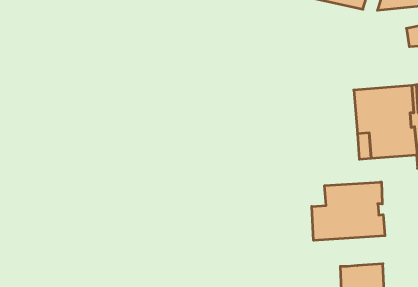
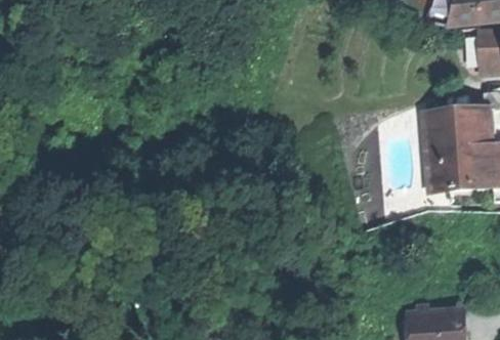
building: [312,182,385,240] -> none

